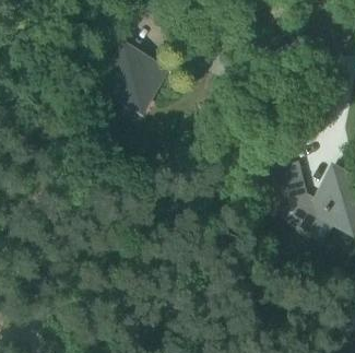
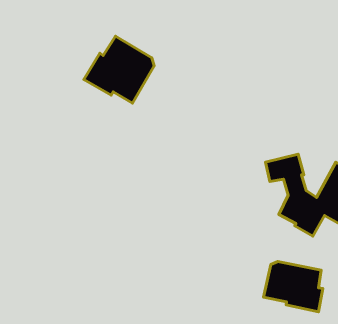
building: none -> [264,261,323,312]

